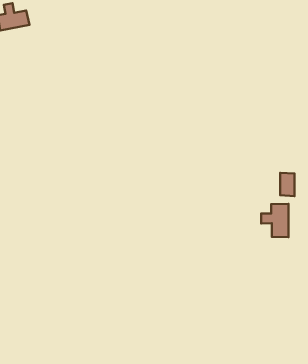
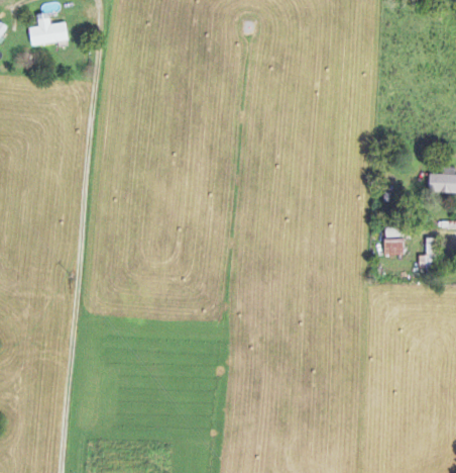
building: [261,204,288,237] -> none

